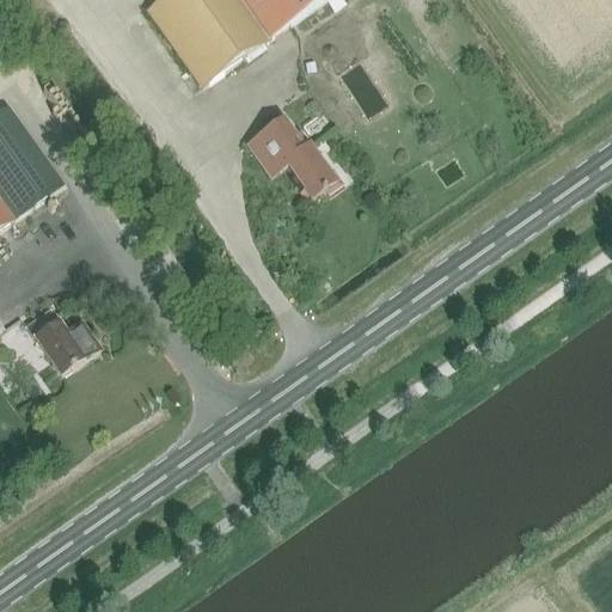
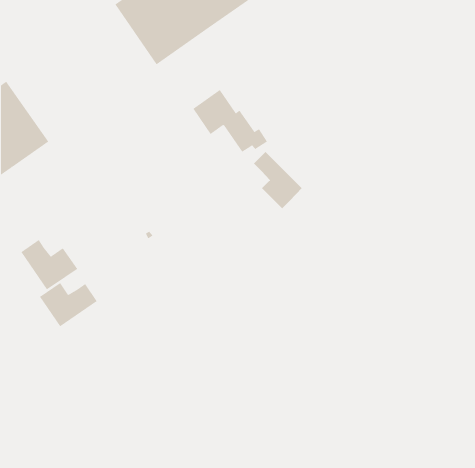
building: none -> [253,151,303,209]
building: none -> [39,282,97,327]

